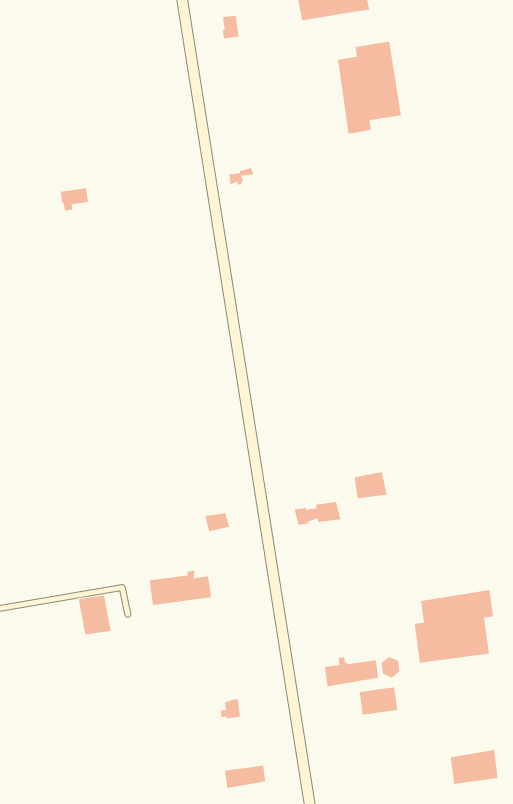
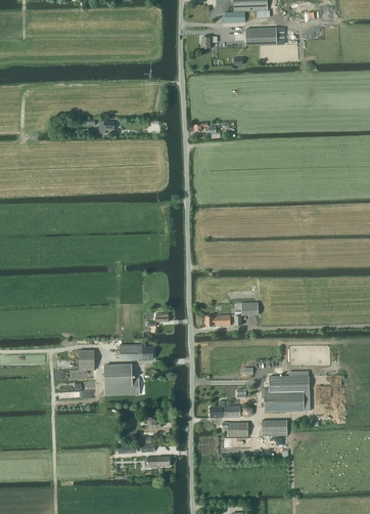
building: [338,41,402,134] -> none
building: none -> [104,365,139,394]
building: [450,749,499,784] -> [262,419,287,435]

